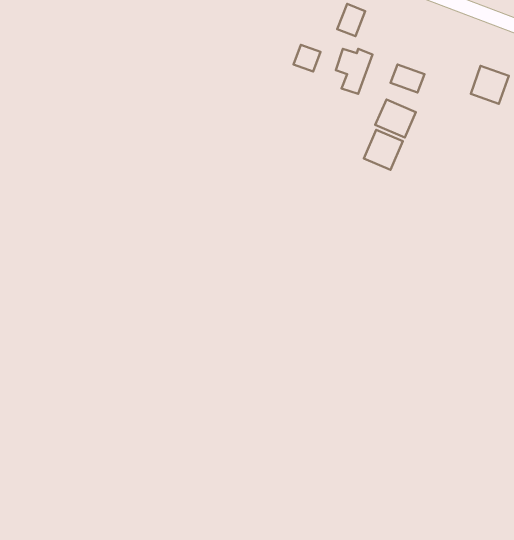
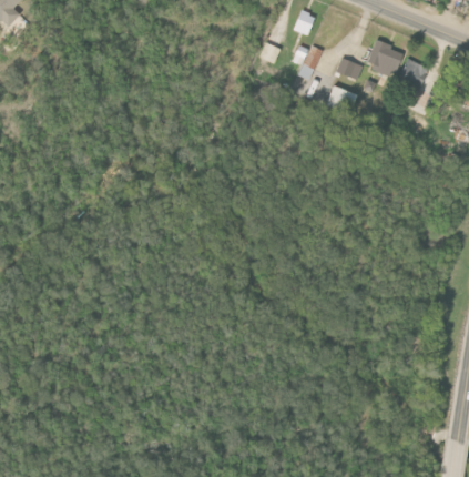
building: none -> [365,39,404,77]
building: [364,130,403,170] -> none

